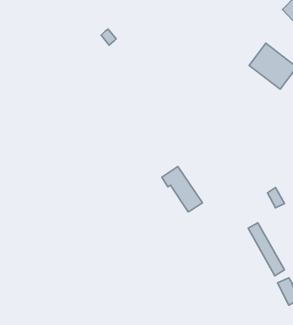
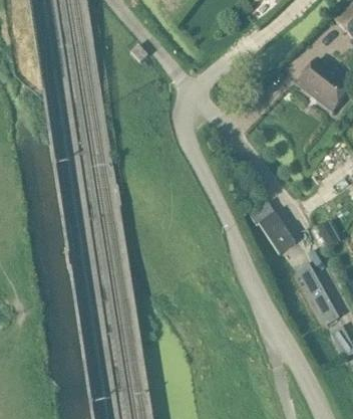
building: [162,167,202,212] -> [249,201,295,252]

